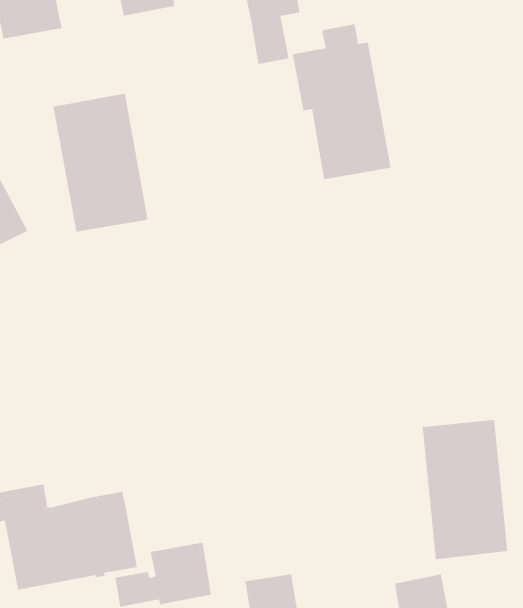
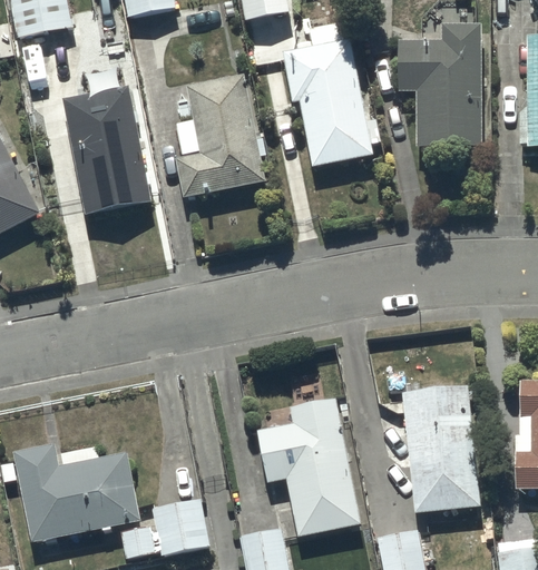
building: none -> [398,23,481,147]
building: none -> [175,73,266,197]
building: none -> [256,397,362,537]

